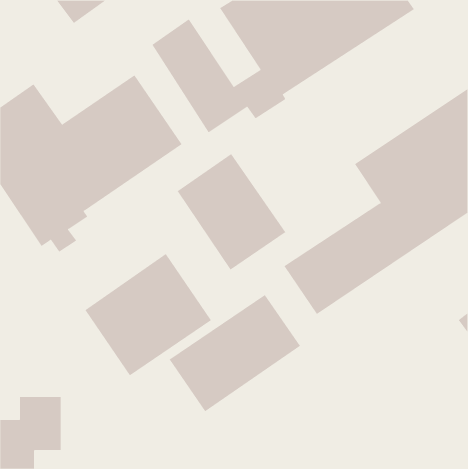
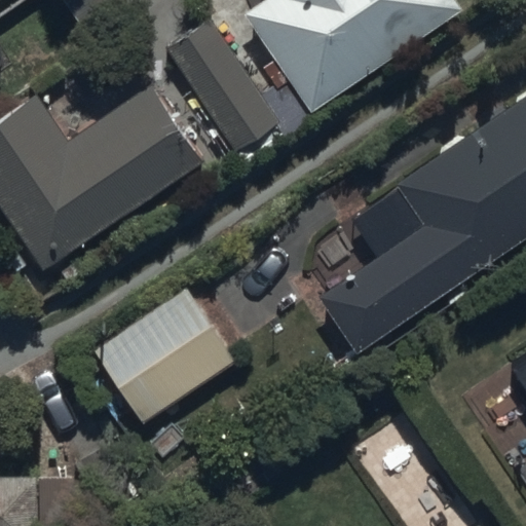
building: [177,153,286,271] -> none
building: [169,294,301,412] -> none

